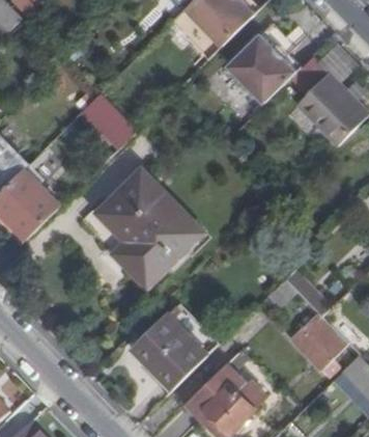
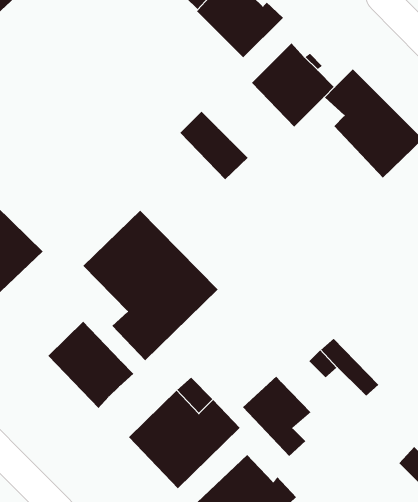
building: [83,93,138,148] -> [179,111,249,180]
building: none -> [48,321,134,409]
building: [289,312,344,377] -> [242,376,311,457]

